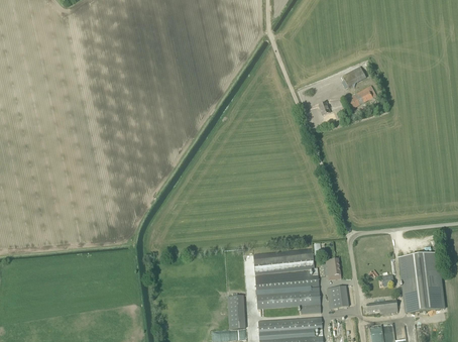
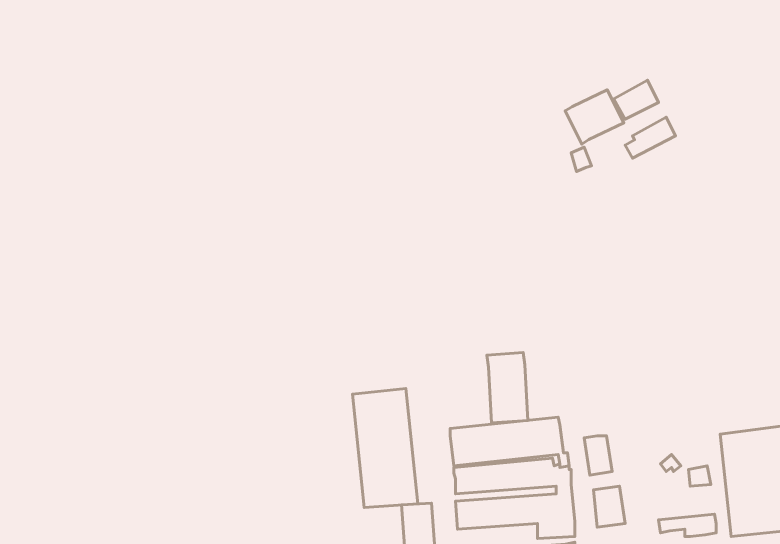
building: none -> [565,90,624,144]
building: none -> [487,353,528,423]
building: none -> [353,388,418,507]

